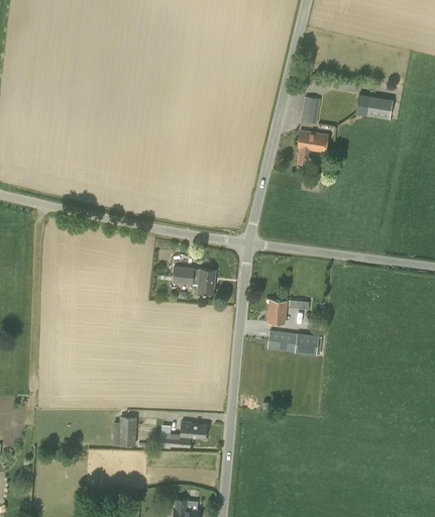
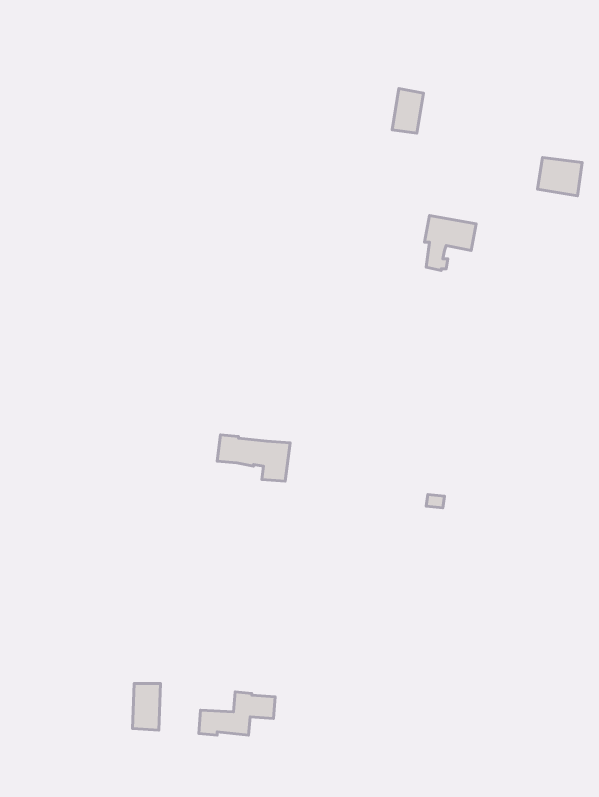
building: [301,96,320,123] -> [392,88,424,133]
building: [267,300,287,323] -> none
building: [267,330,318,354] -> none

